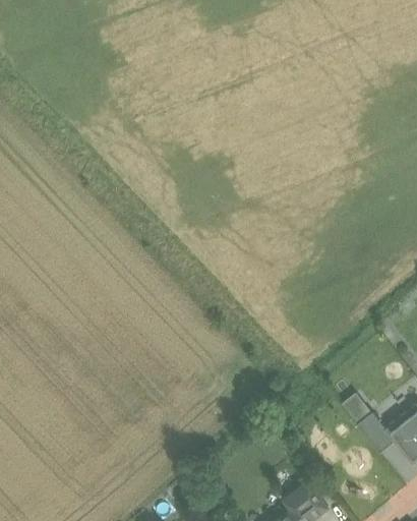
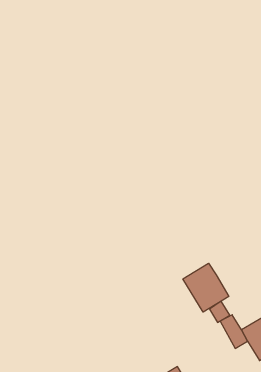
building: none -> [183,263,229,312]

